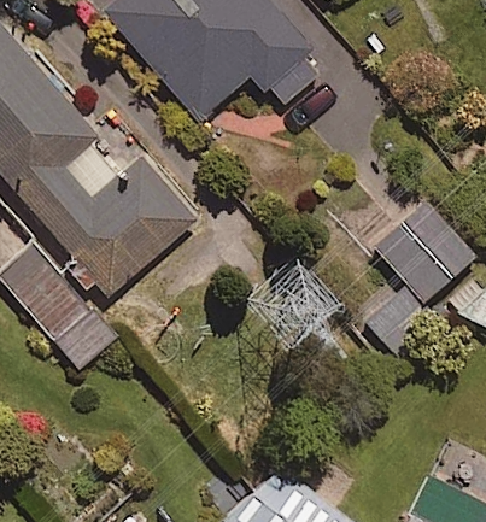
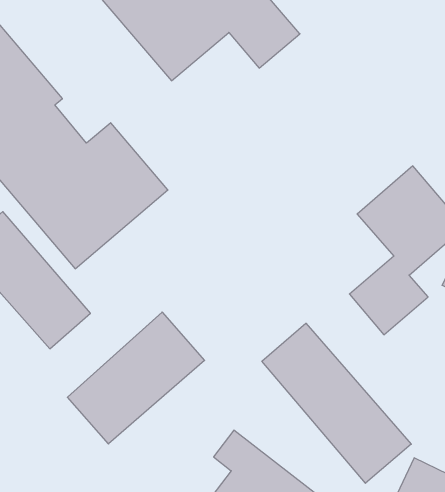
building: none -> [67,312,205,444]
building: none -> [262,323,411,483]

